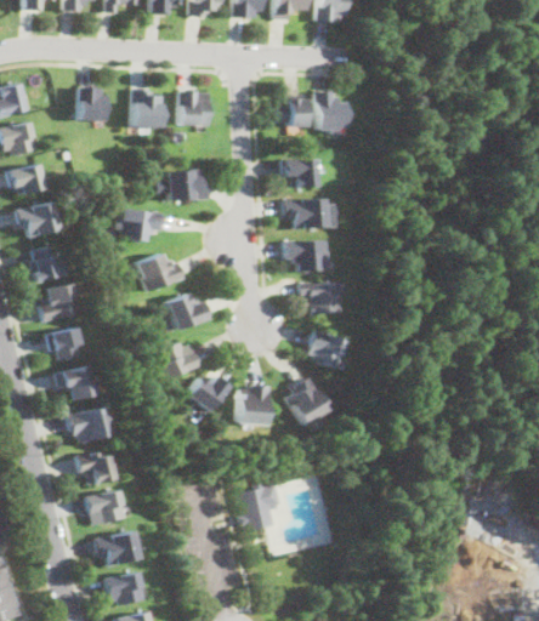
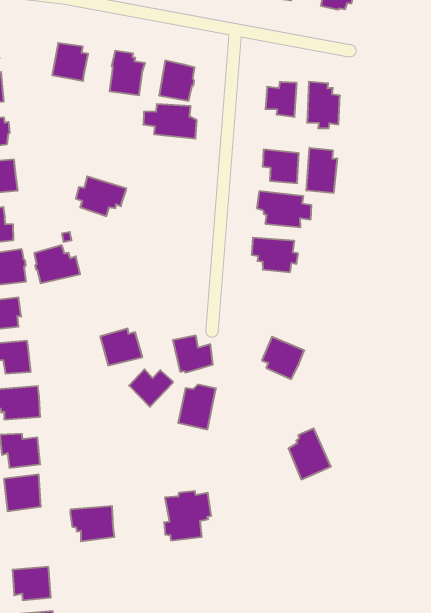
building: none -> [306,148,337,193]
building: [157,170,208,200] -> [143,104,197,139]
building: [137,253,182,291] -> [34,245,80,283]
building: [300,281,340,313] -> none
building: [166,295,206,330] -> [173,336,213,372]
building: [286,377,328,426] -> [288,428,331,479]
building: [95,530,138,566] -> [70,506,114,541]

